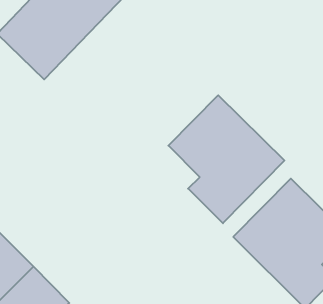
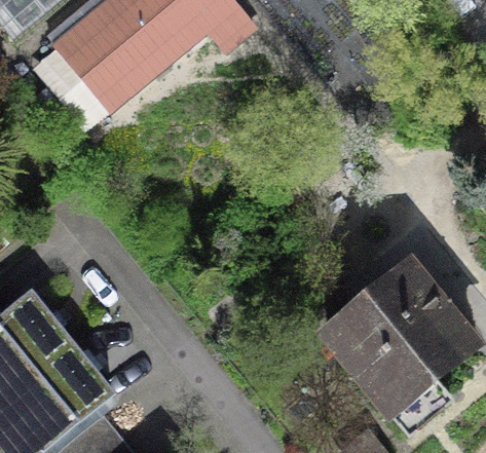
building: [168,95,284,223] -> none

